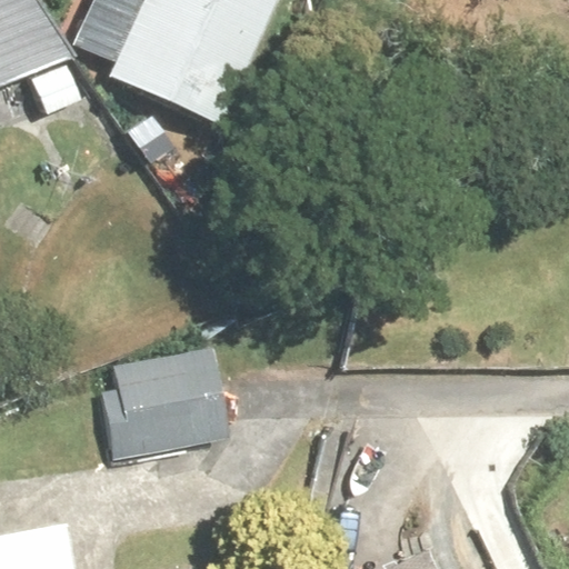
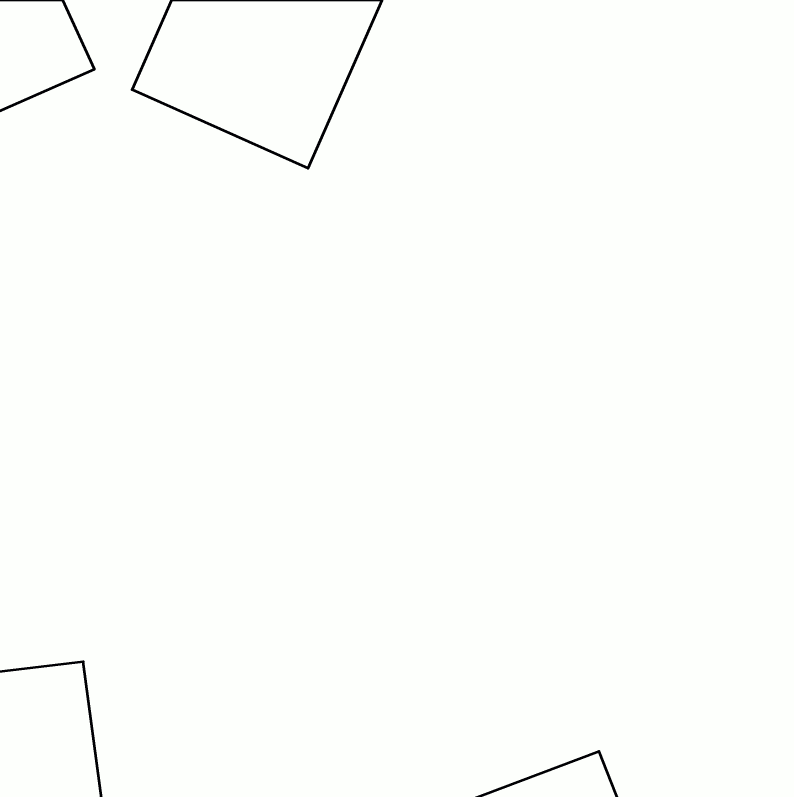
building: [101,360,223,456] -> none

